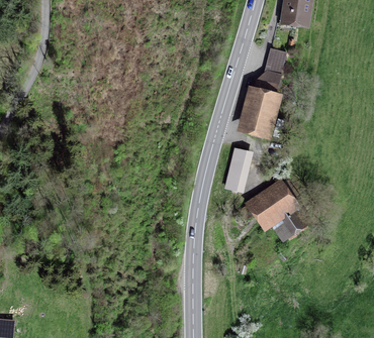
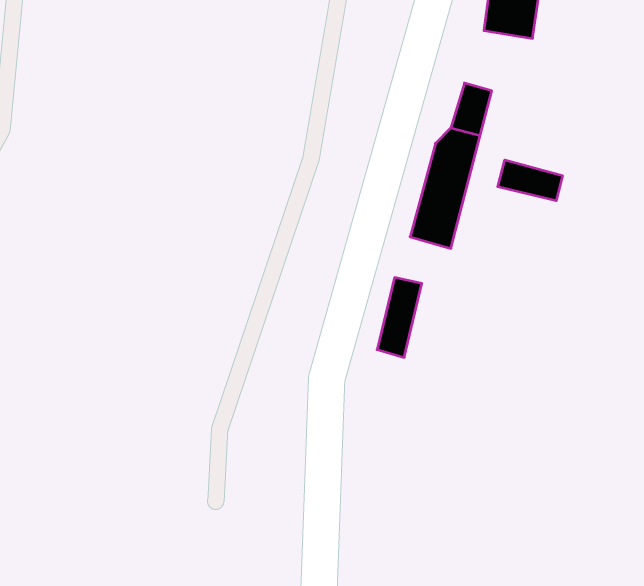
building: none -> [498,160,562,201]
building: [239,185,306,234] -> none

